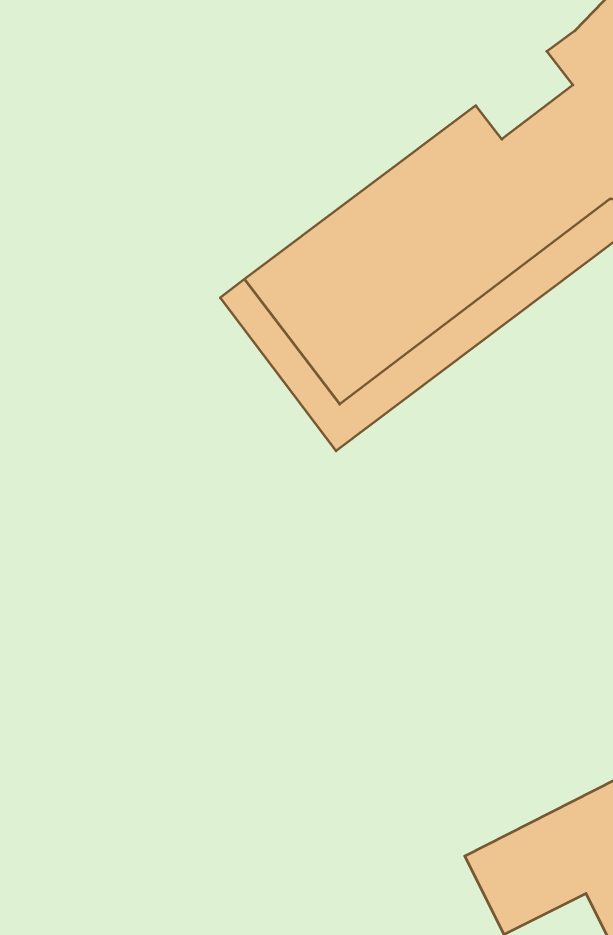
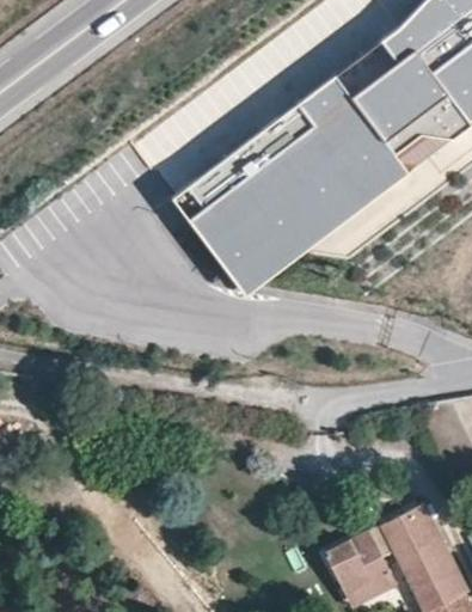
building: none -> [337,38,399,94]

